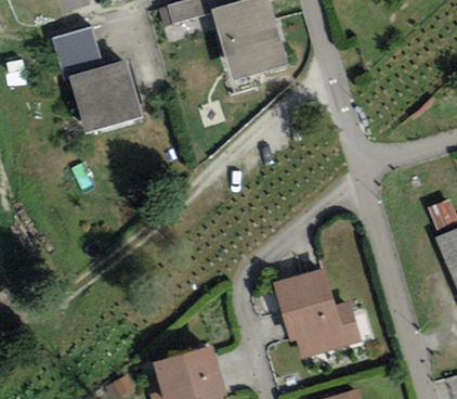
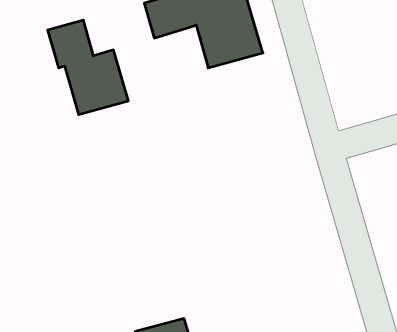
building: [273,274,355,353] -> none

